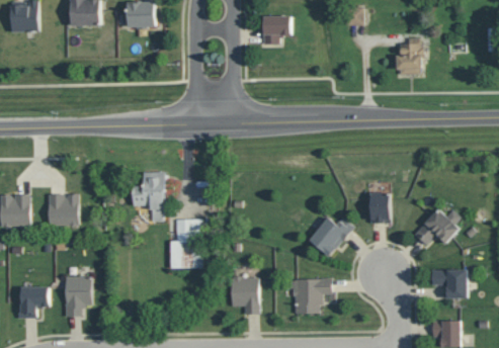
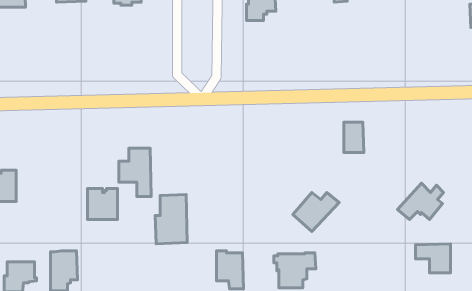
building: [396,37,423,74] -> none
building: [369,192,390,223] -> [344,122,364,152]
building: [48,193,78,225] -> [87,188,118,220]

